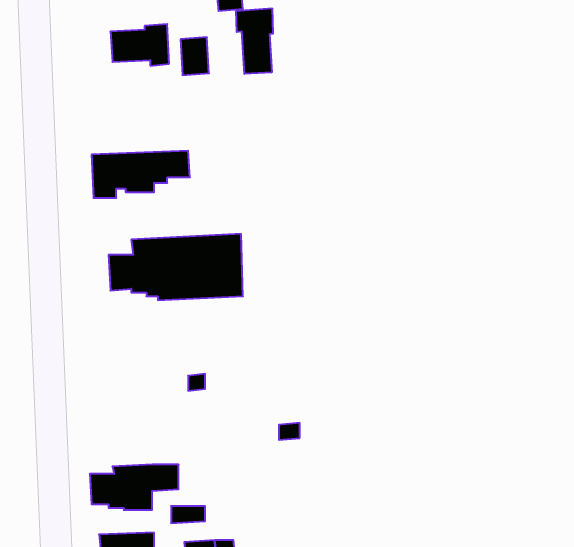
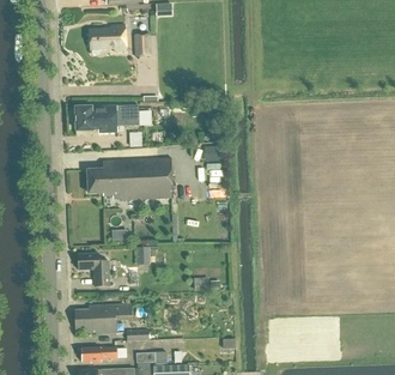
building: [236,8,273,74] -> none
building: none -> [77,253,108,286]

